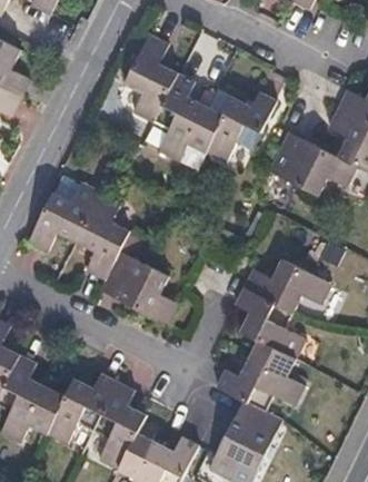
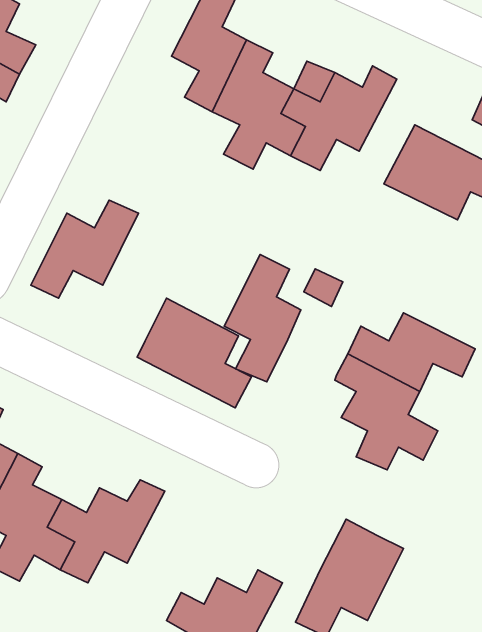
building: [77,191,129,278] -> [224,254,301,382]
building: [215,351,304,411] -> none
building: [93,381,155,469] -> none

